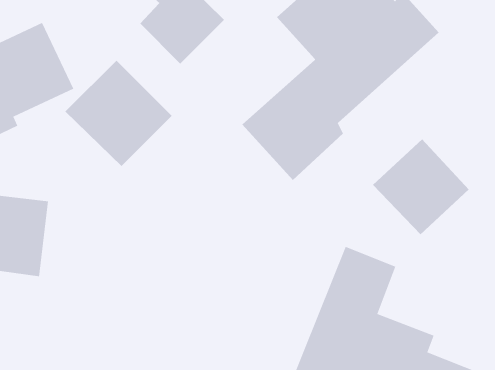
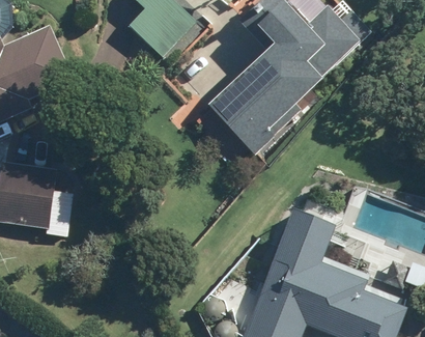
building: [65,60,172,167] -> none
building: [372,138,469,235] -> none

